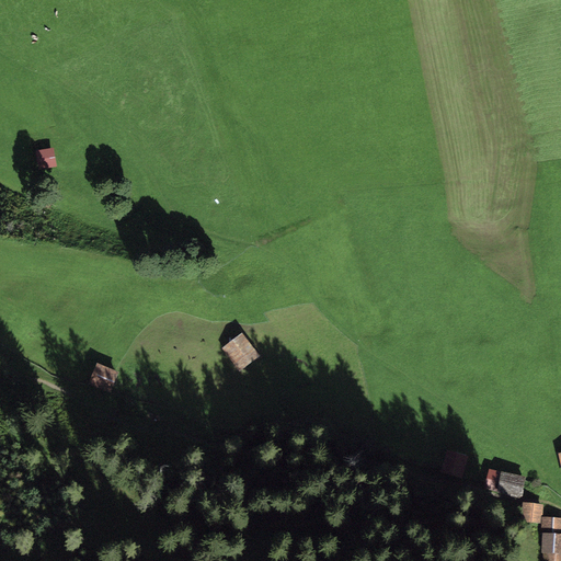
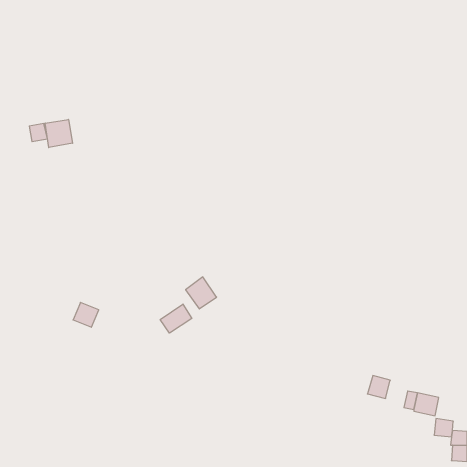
building: none -> [45,119,73,148]
building: none -> [160,304,192,333]

